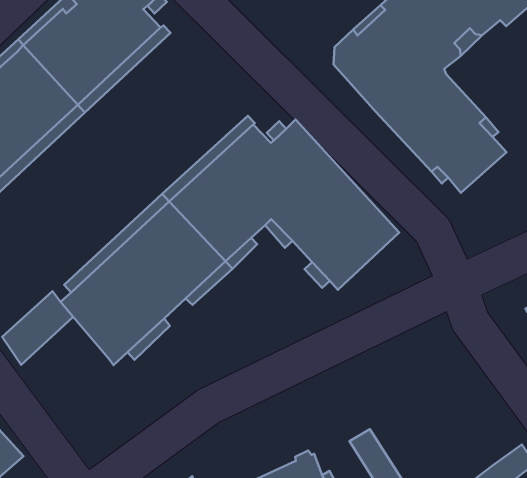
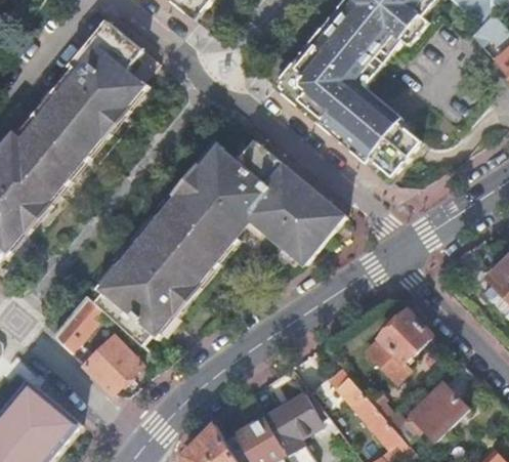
building: none -> [82,337,140,393]
building: none -> [366,308,431,378]

